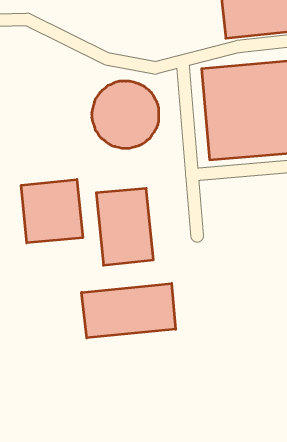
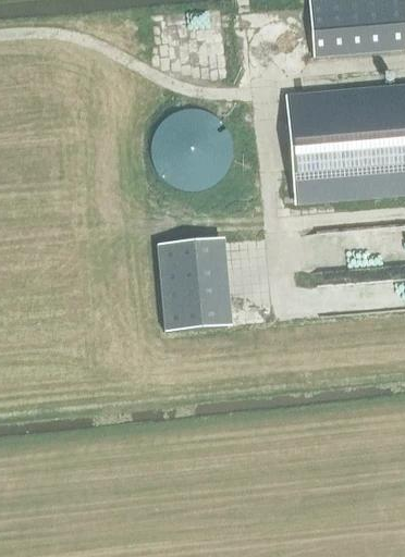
building: [21,179,83,243] -> none
building: [82,283,176,338] -> none

